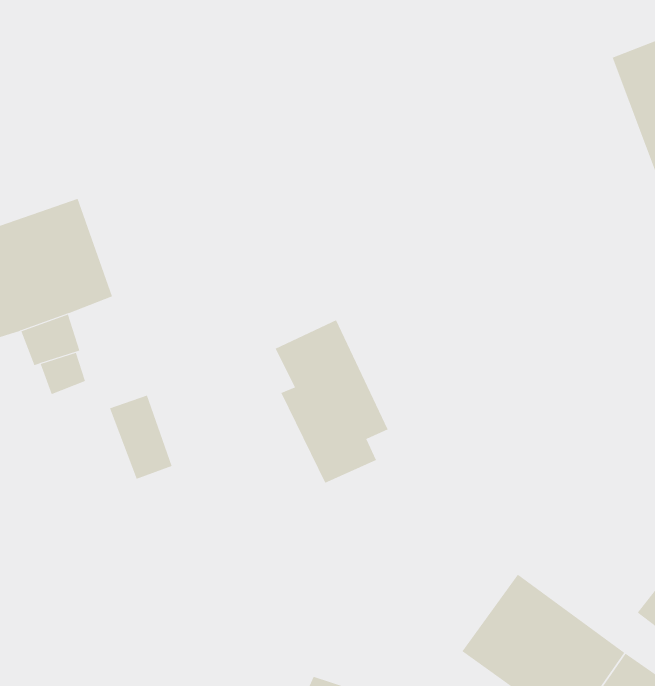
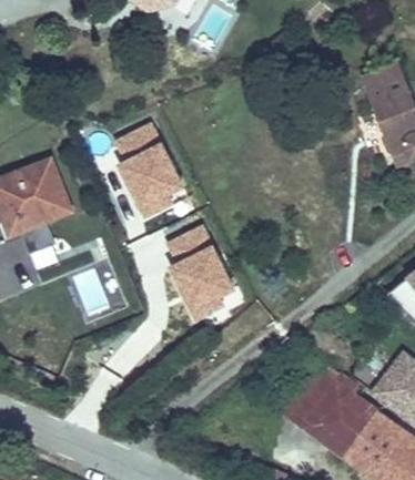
building: none -> [115,123,182,217]

